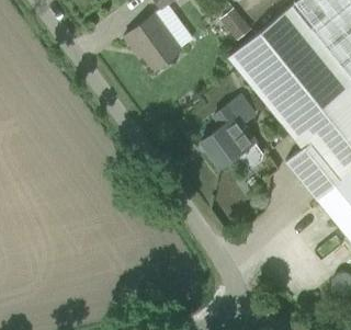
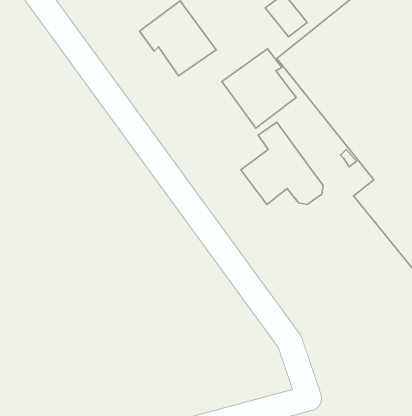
building: none -> [222,49,296,128]

